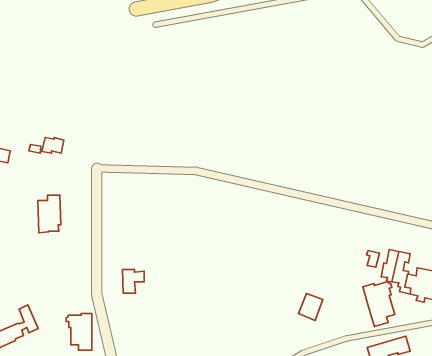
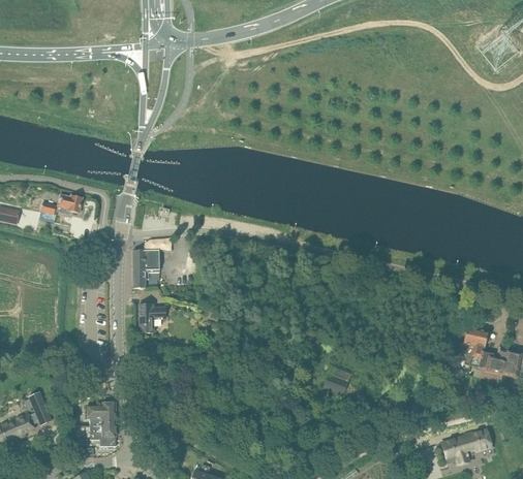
building: [38,195,61,233] -> [132,244,159,288]
building: [122,269,144,293] -> [139,304,164,331]
building: [363,281,395,327] -> none
building: [298,293,323,320] -> [322,363,351,395]

